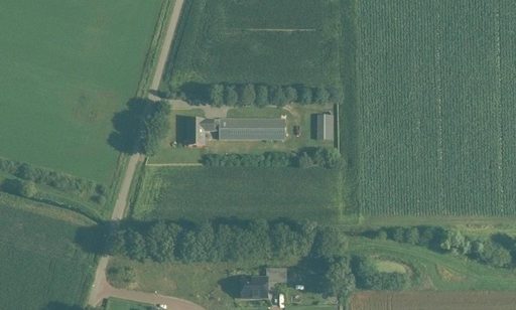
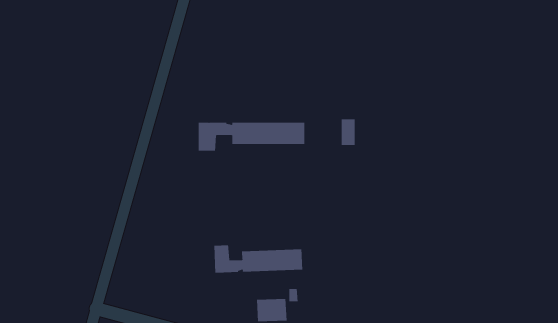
building: none -> [214,245,303,273]

